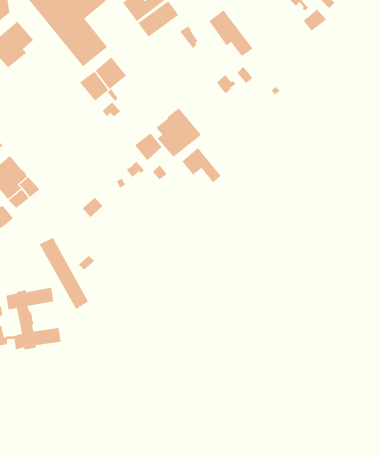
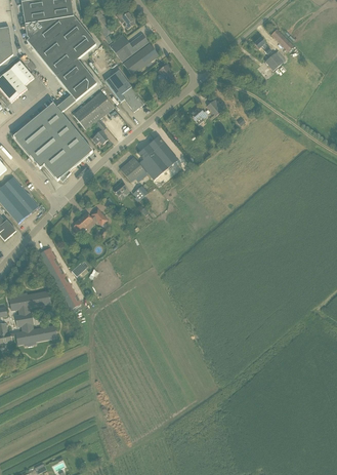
building: [208,9,254,57] -> [104,69,143,110]
building: none -> [12,93,91,180]
building: [181,147,222,183] -> none

